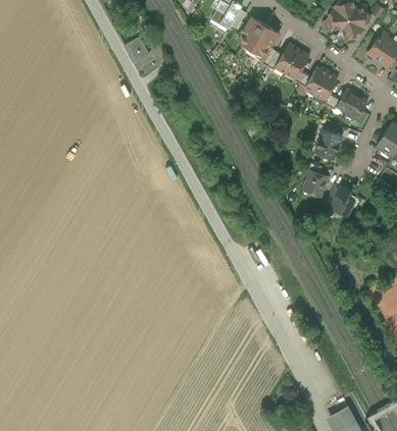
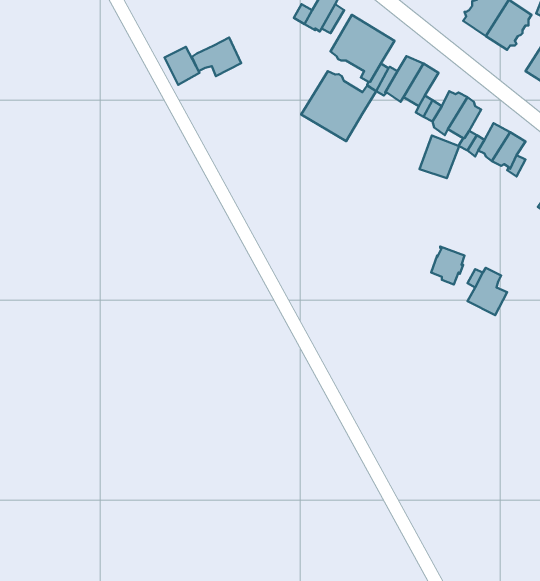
building: none -> [192,38,241,76]
building: none -> [301,71,376,141]
building: [315,129,342,158] -> [420,136,459,178]

